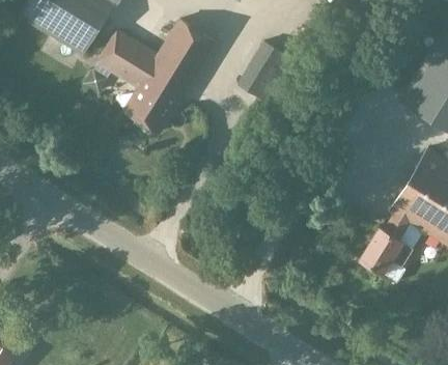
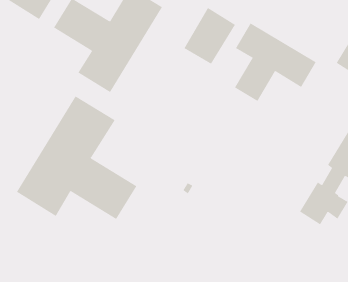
building: none -> [234,22,316,102]
building: none -> [16,95,137,220]

